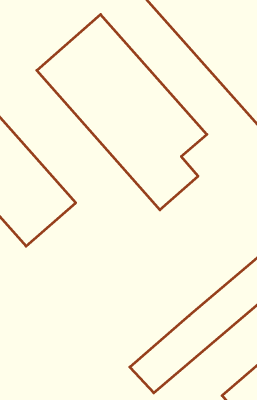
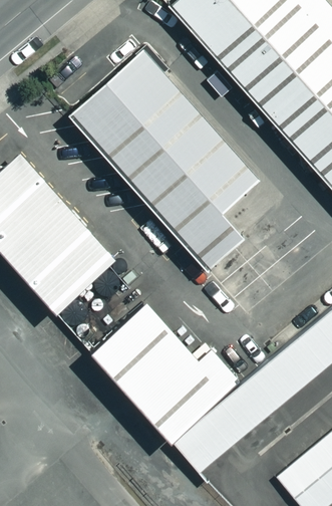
building: none -> [91,302,241,446]

